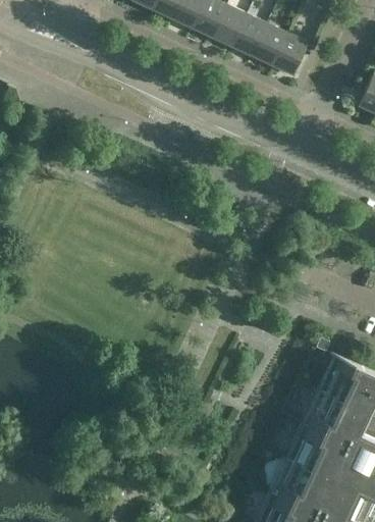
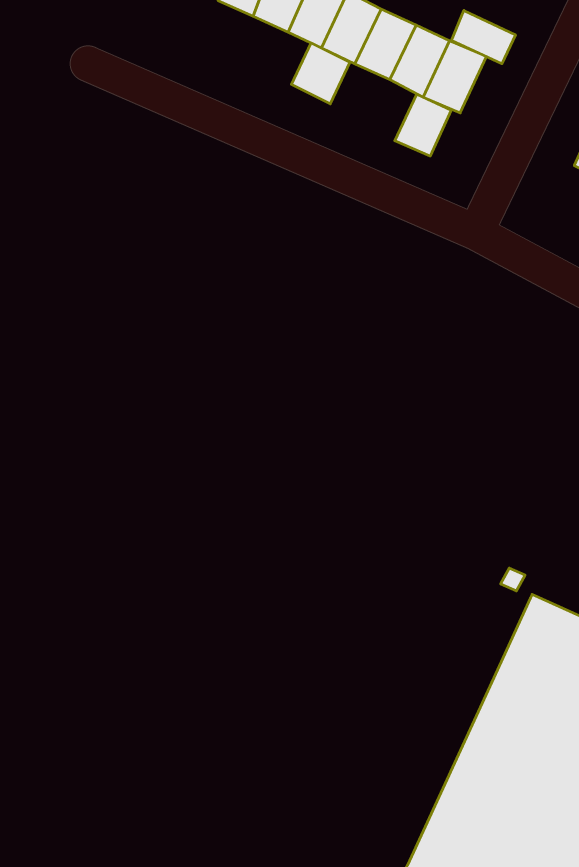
building: none -> [451,10,515,64]
building: none -> [291,43,350,104]
building: none -> [395,94,451,156]

